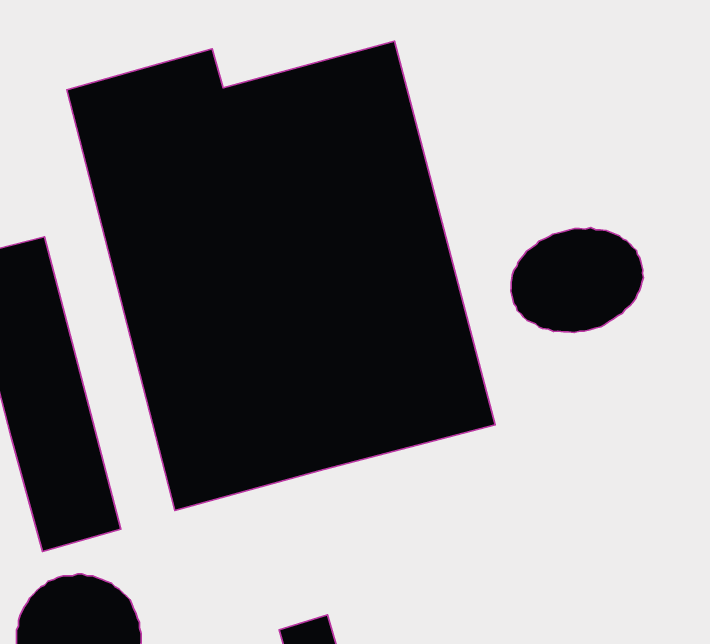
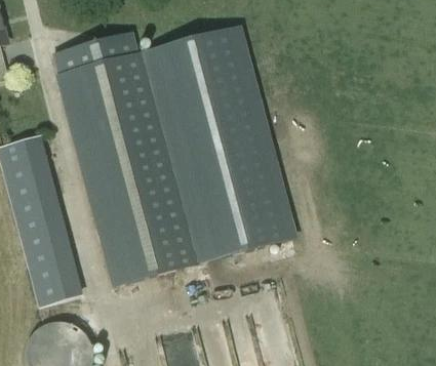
building: [511,228,643,333] -> none

